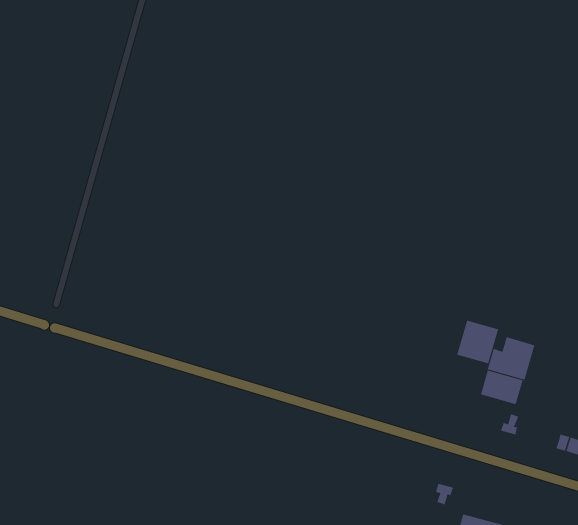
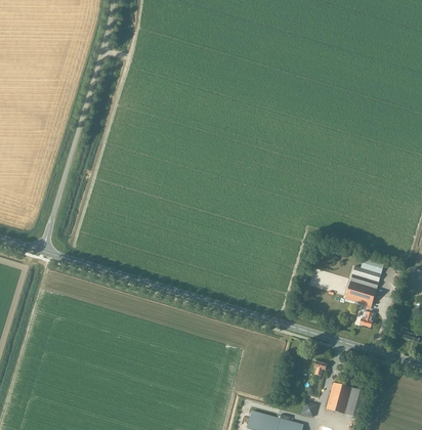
building: [456,320,499,364] -> none

